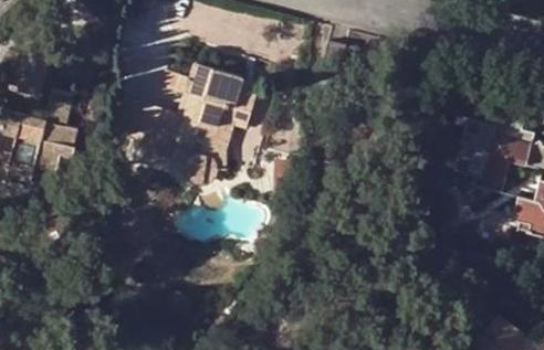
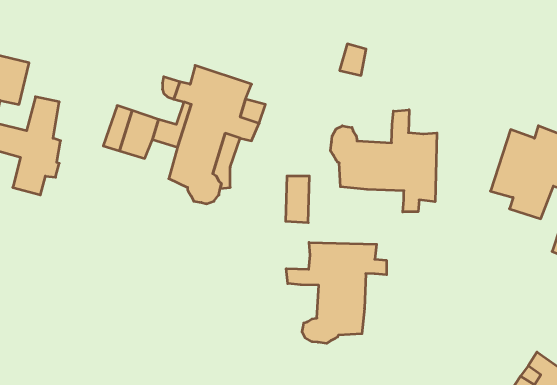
building: none -> [330,110,437,212]
building: none -> [286,242,387,343]

